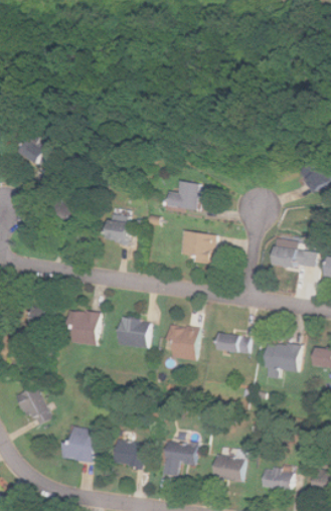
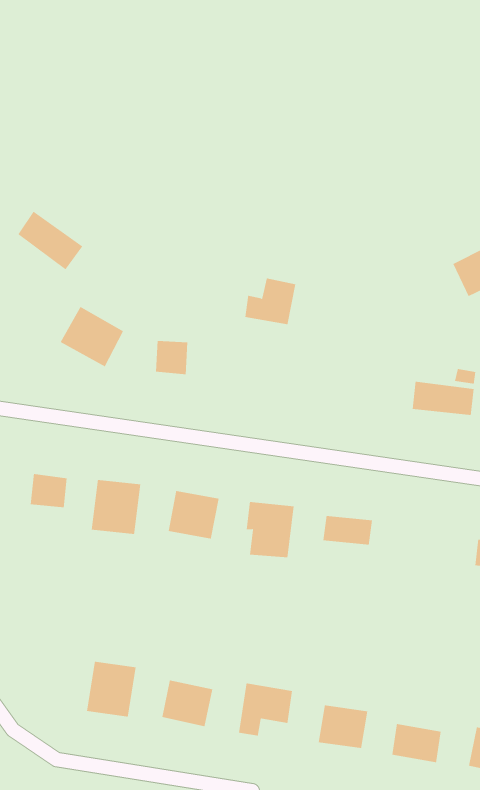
building: [179,231,213,264] -> none
building: [262,342,298,377] -> none
building: [15,386,50,427] -> none

